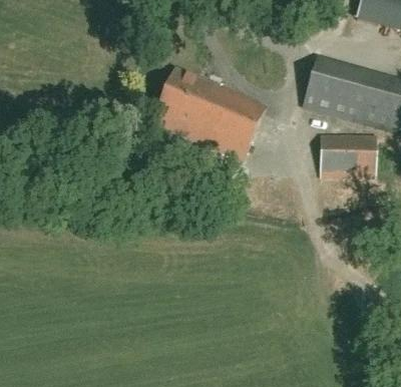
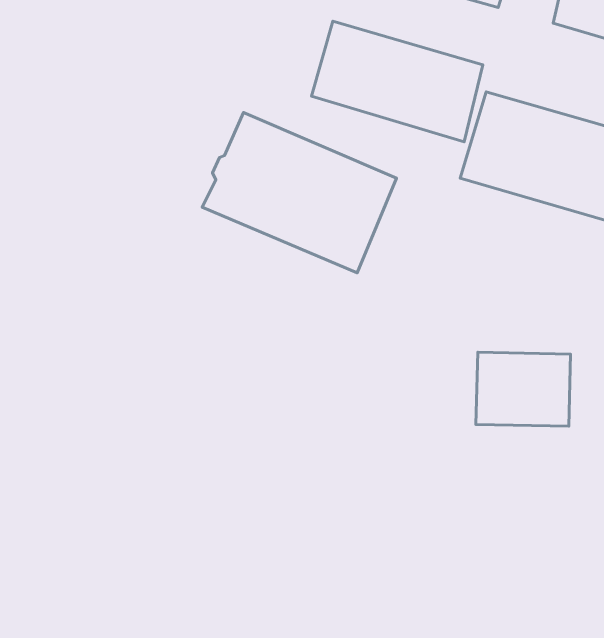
building: none -> [312,21,483,142]
building: [319,132,374,175] -> [476,352,571,426]

